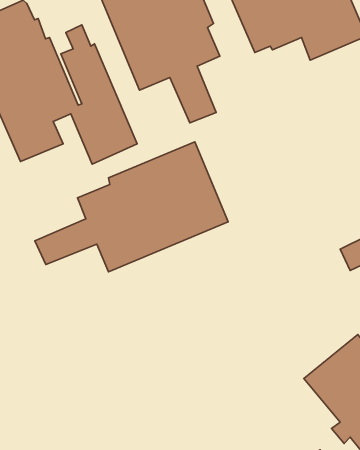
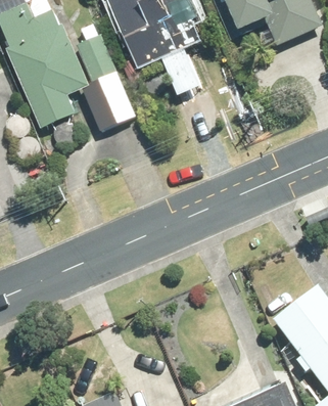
building: [35,142,228,272] -> none

